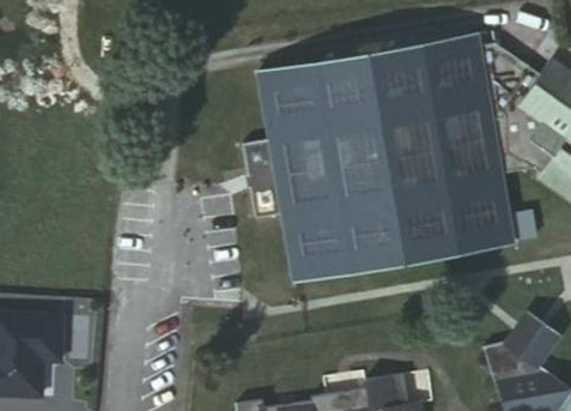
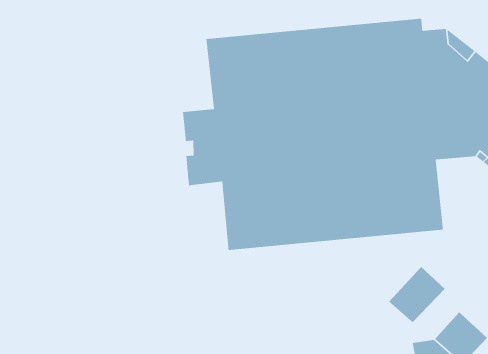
building: none -> [388,266,445,323]

